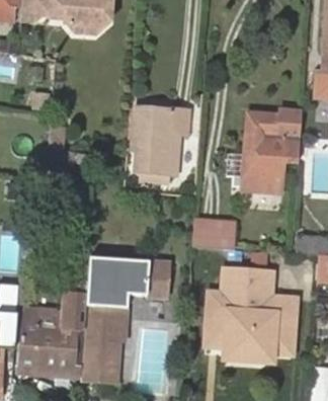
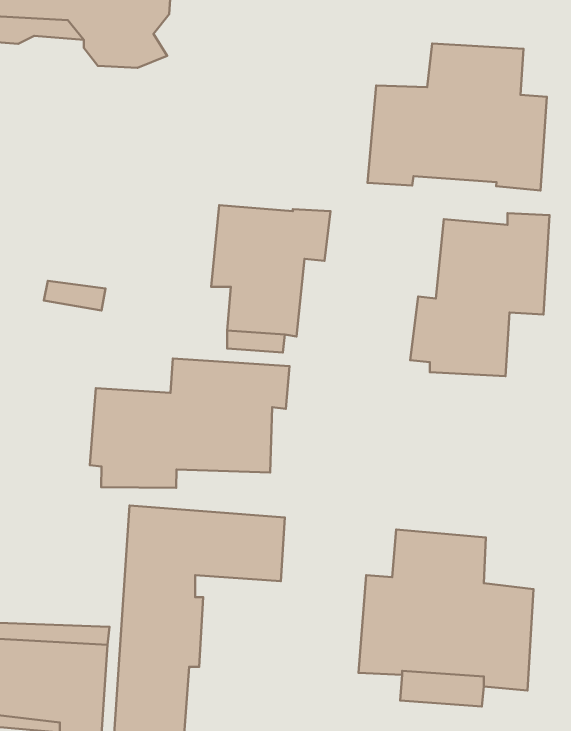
building: none -> [367,43,547,191]
building: none -> [90,358,289,488]
building: [190,221,233,250] -> none

